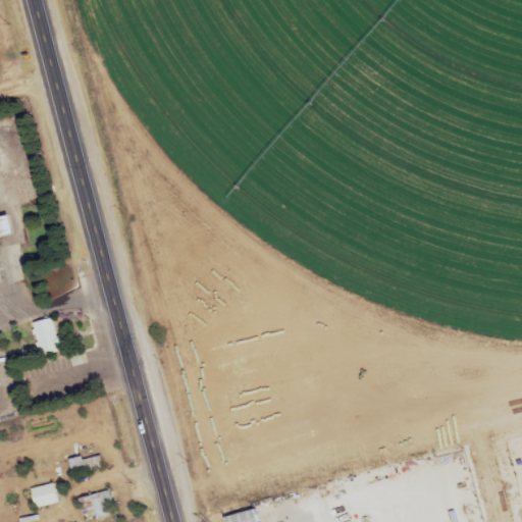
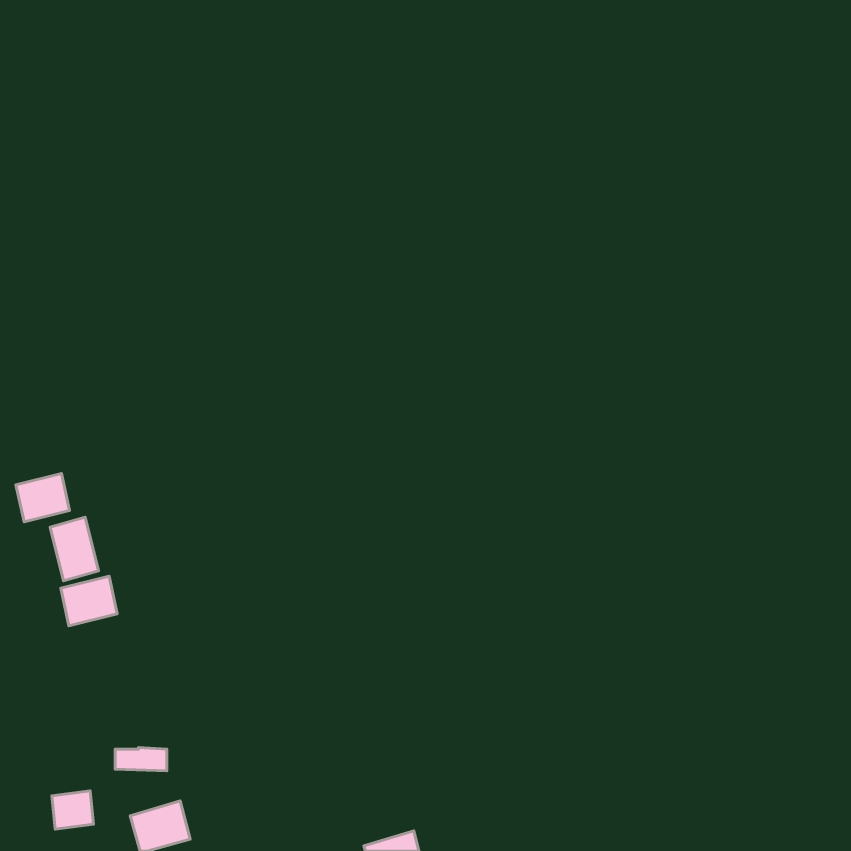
building: none -> [16,473,70,522]
building: none -> [61,576,117,626]

